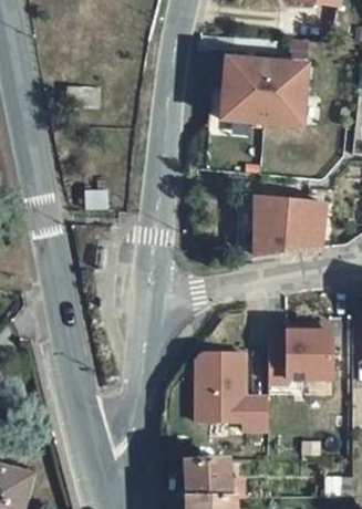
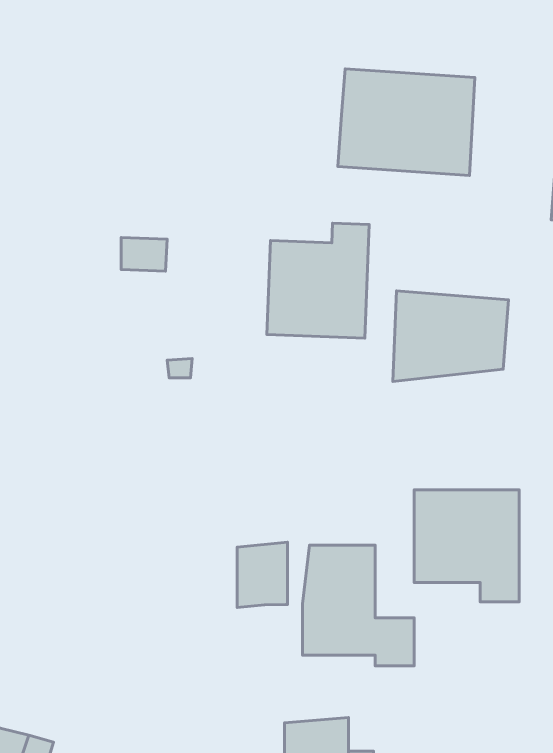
building: none -> [267,223,369,338]
building: none -> [237,542,287,607]

